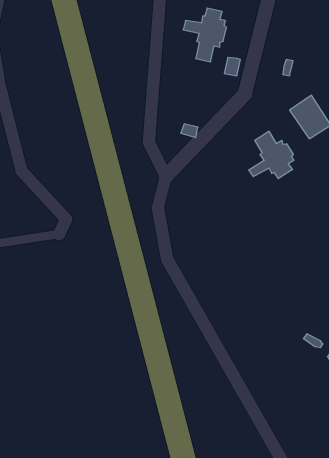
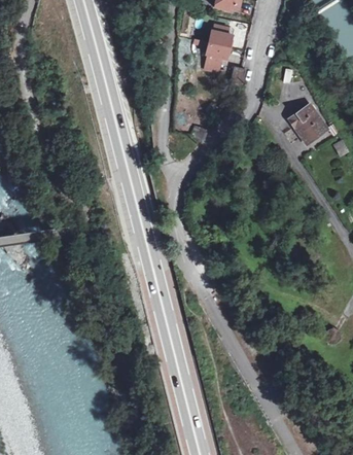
building: [249,131,294,179] -> none

